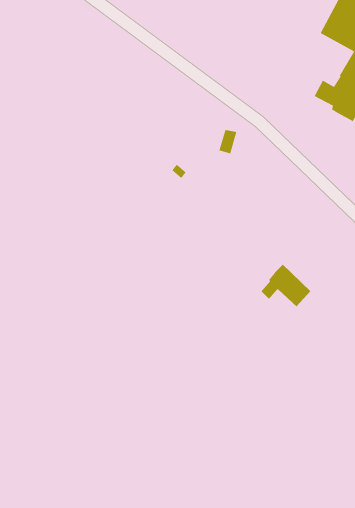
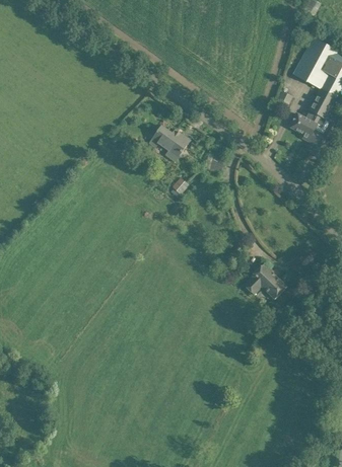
building: none -> [152,127,190,161]

